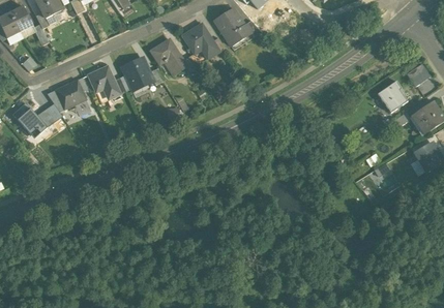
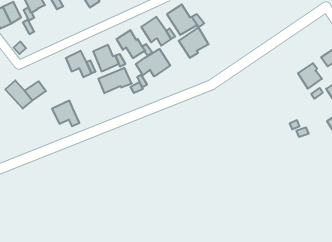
building: none -> [179,28,209,58]
building: none -> [136,49,170,76]
building: [55,80,89,112] -> [52,101,79,126]
building: none -> [98,68,132,93]

